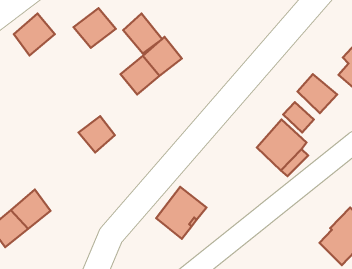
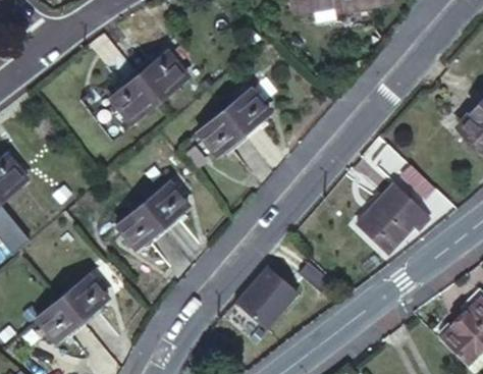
building: [14,14,55,56] -> [107,72,158,124]
building: [123,14,162,53] -> none
building: [298,74,337,113] -> none
building: none -> [115,203,163,250]

